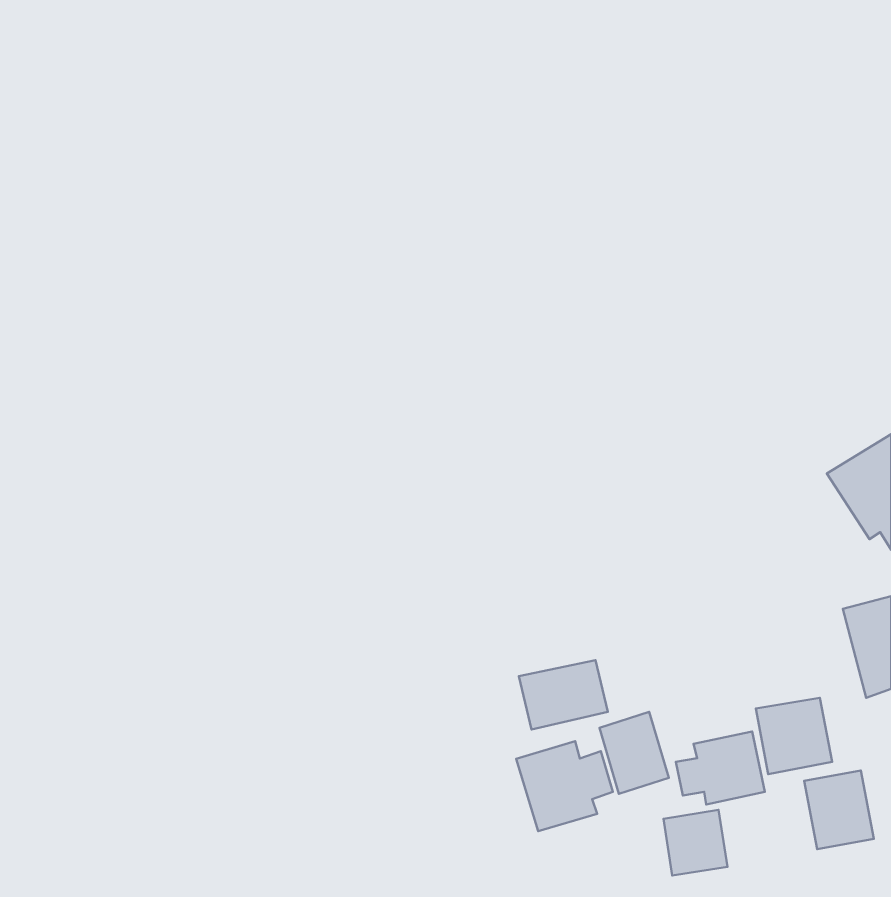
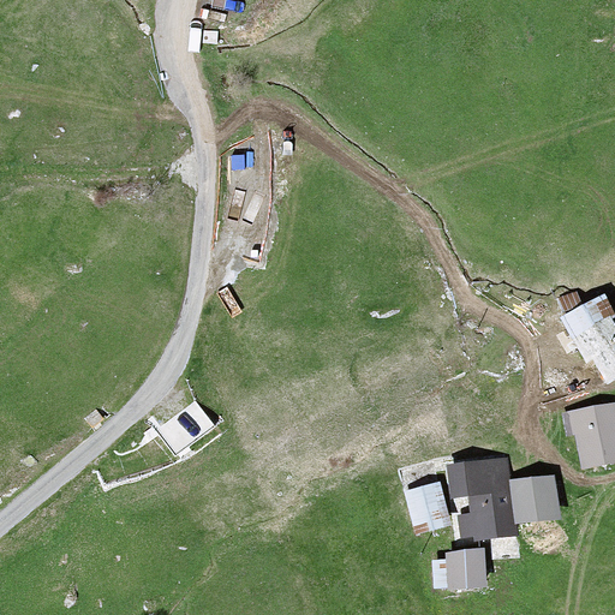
building: [519,660,608,730] -> [448,454,508,501]
building: [516,741,613,831] -> none
building: [804,770,874,849] -> none

